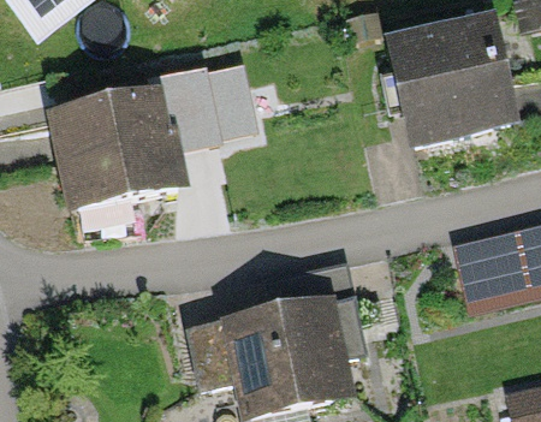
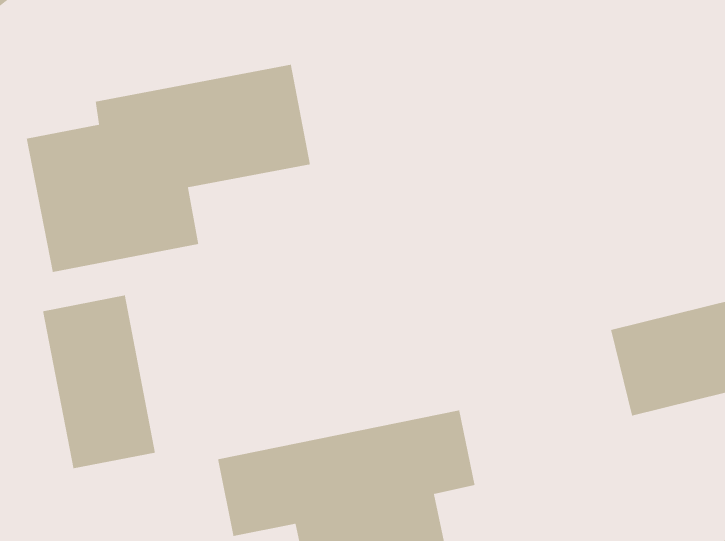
building: [394,31,510,143] -> none
building: none -> [42,295,156,469]

